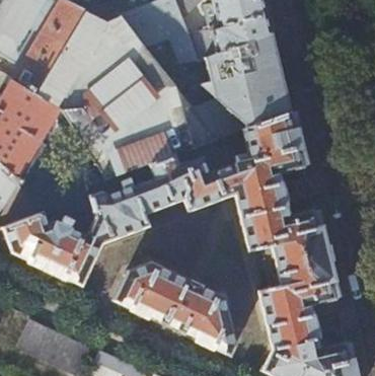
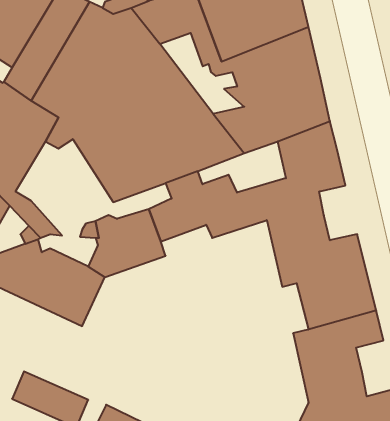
building: [114,261,237,356] -> none

